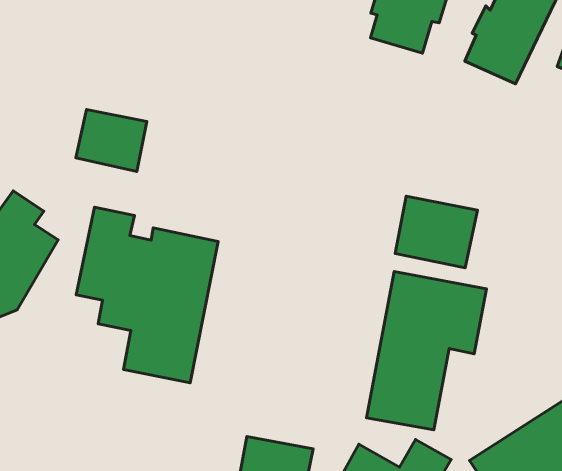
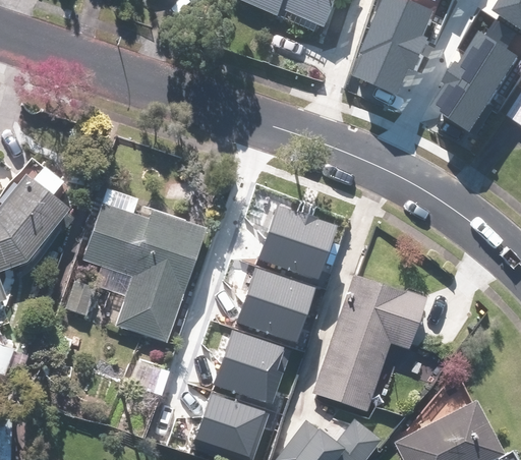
building: [76,109,147,171] -> none
building: [395,196,477,268] -> [258,207,332,273]
building: none -> [239,266,310,332]
building: none -> [215,330,287,395]

